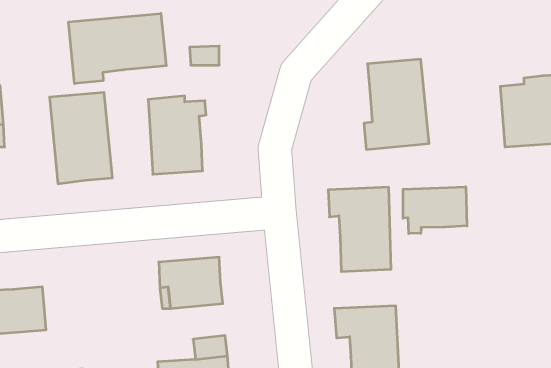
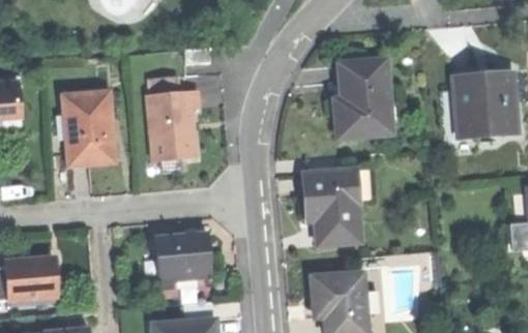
building: [69,13,166,84] -> none
building: [403,187,467,234] -> none

